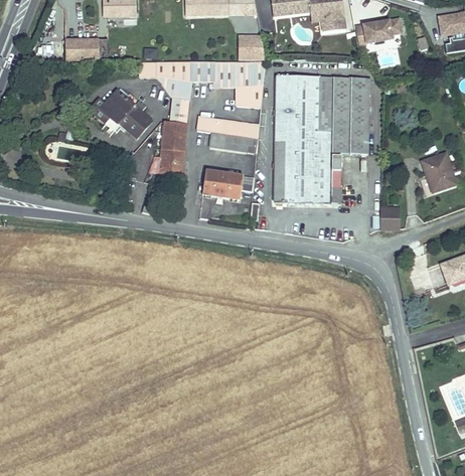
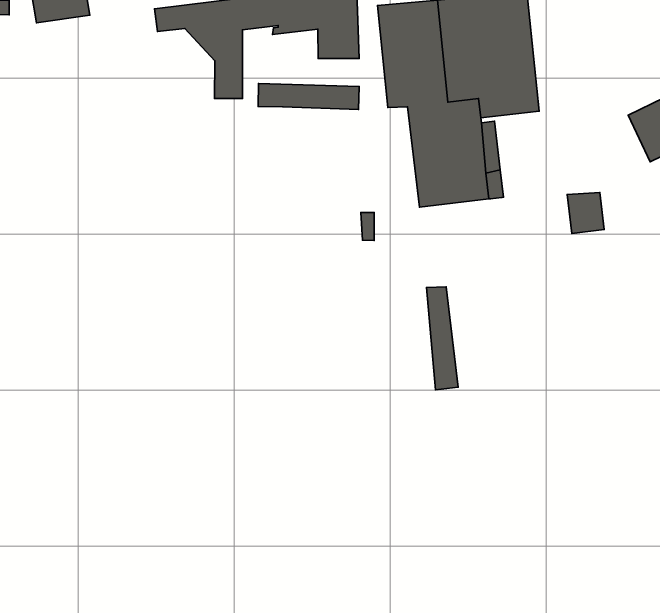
building: [90,87,152,137] -> none
building: [159,121,187,174] -> none
building: [209,131,258,152] -> none
building: [274,139,288,202] -> [427,287,458,390]
building: [203,169,255,198] -> none

